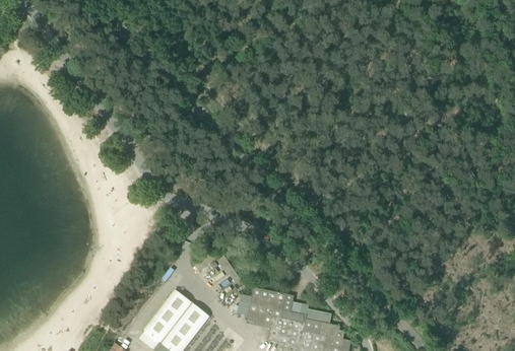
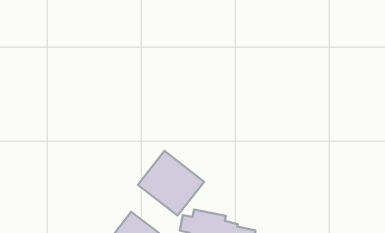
building: none -> [138,151,204,216]

